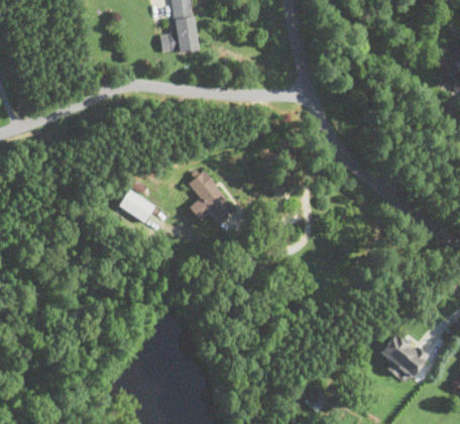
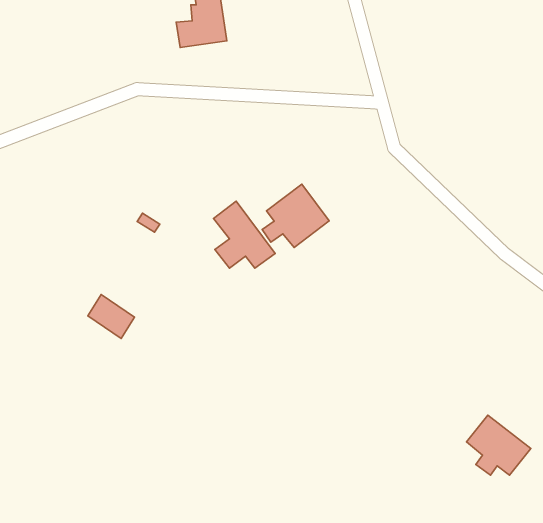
building: none -> [262,184,329,247]
building: [120,189,155,222] -> [88,295,135,339]

